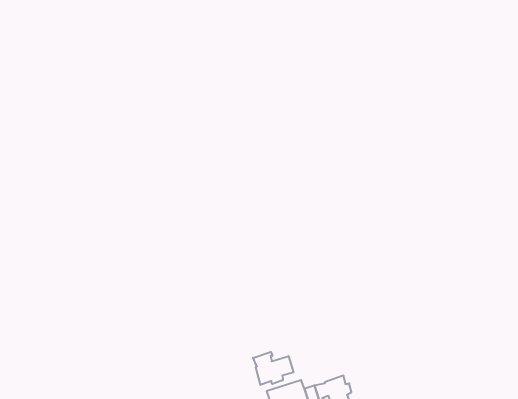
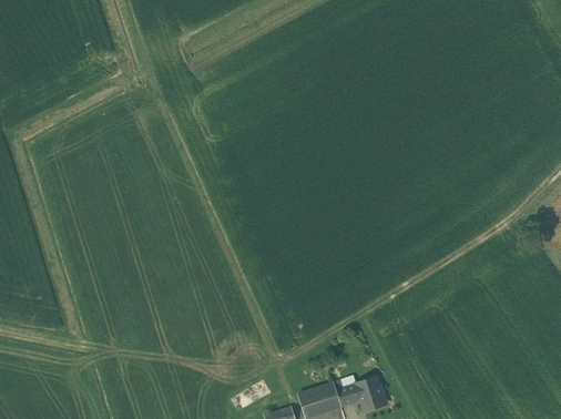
building: [253,352,294,385] -> none

